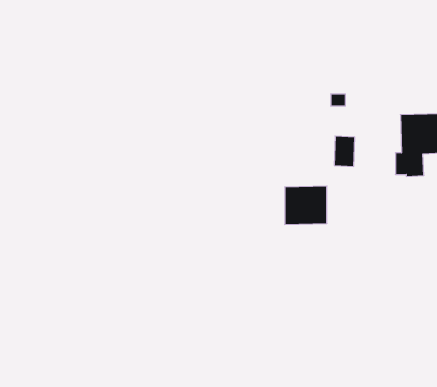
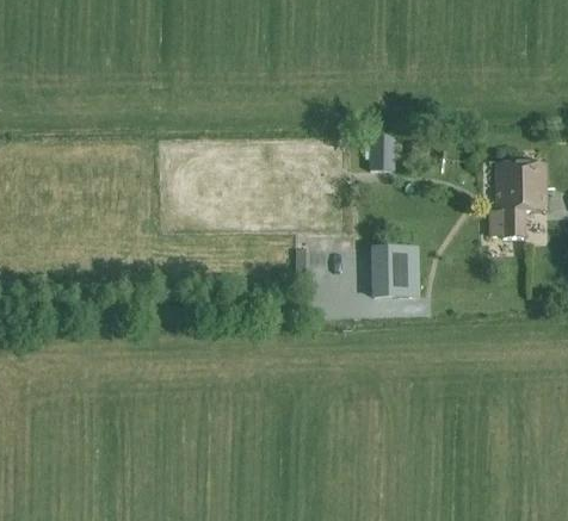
building: [334,136,355,166] -> [372,134,397,170]

